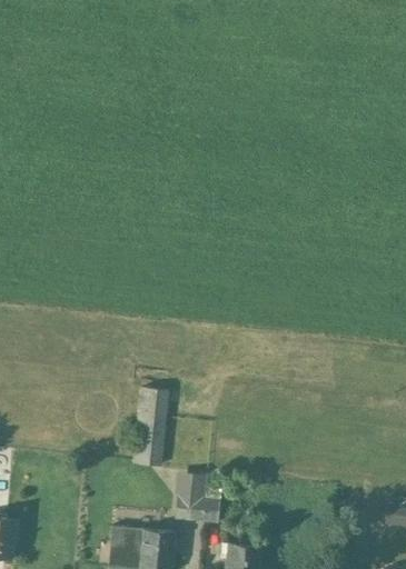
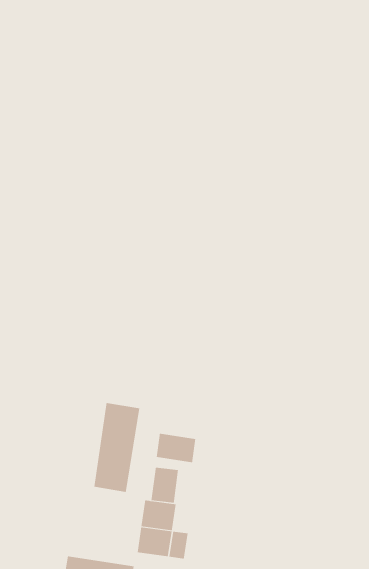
building: none -> [156,433,196,463]
building: none -> [151,467,179,503]

